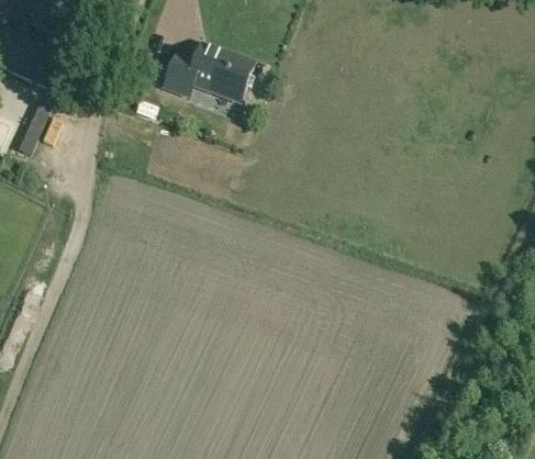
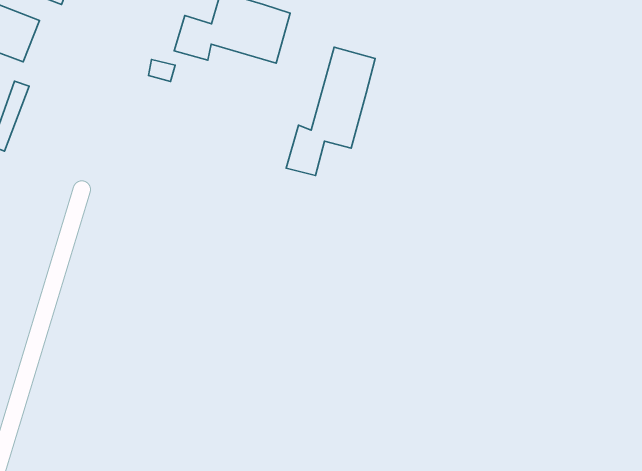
building: none -> [286,47,375,176]

